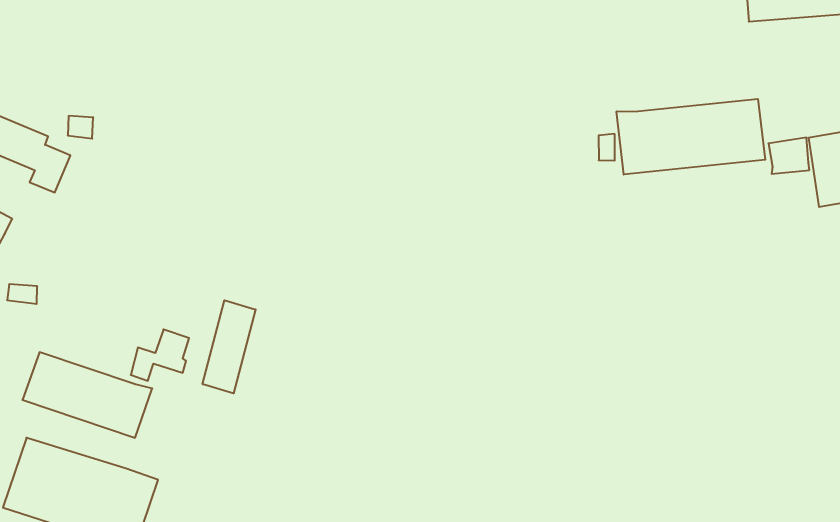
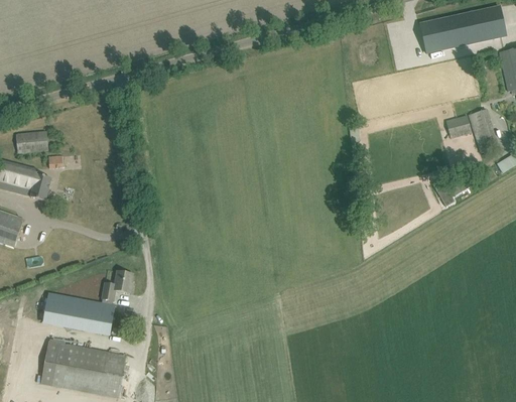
building: none -> [15,131,47,152]
building: [617,99,765,175] -> none
building: [203,300,256,393] -> none

